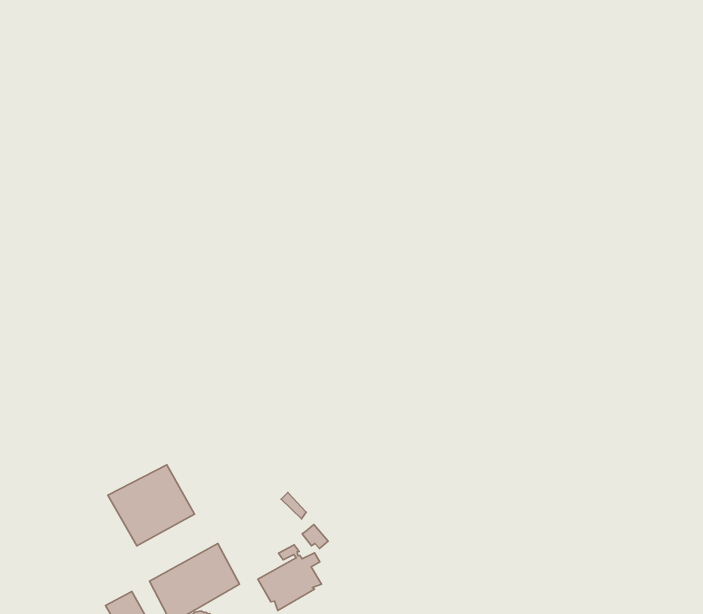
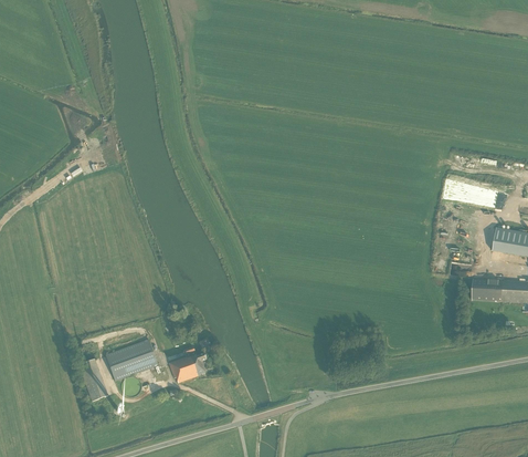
building: [108,465,194,546] -> none

